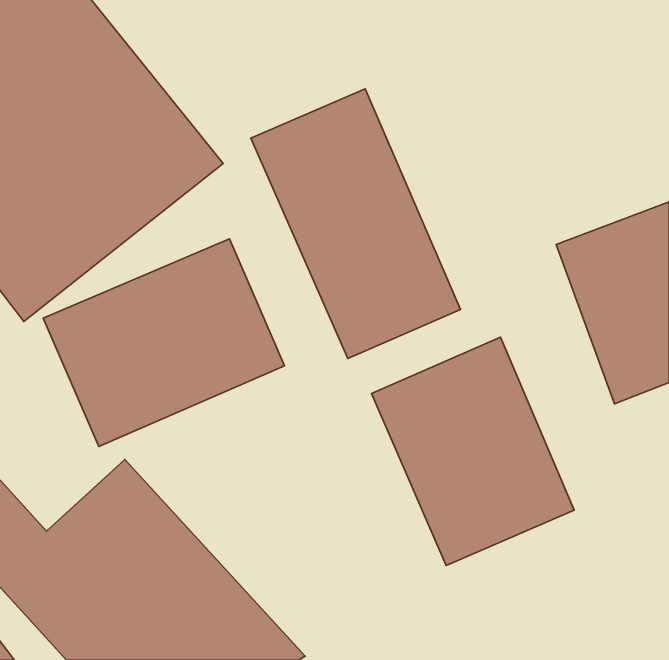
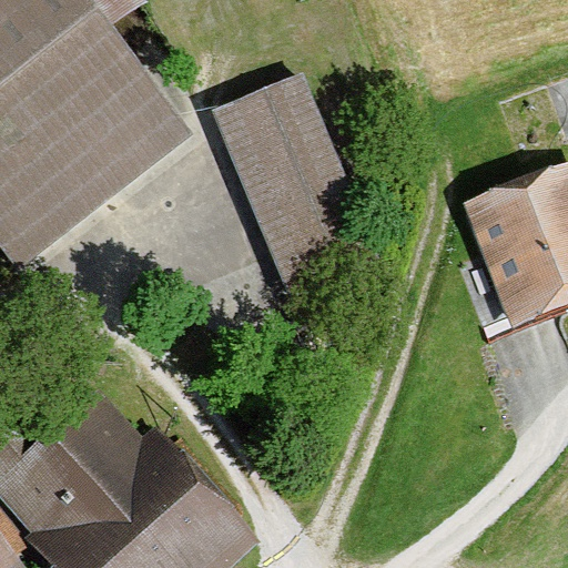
building: [43,239,284,446] -> none
building: [372,337,574,565] -> none

